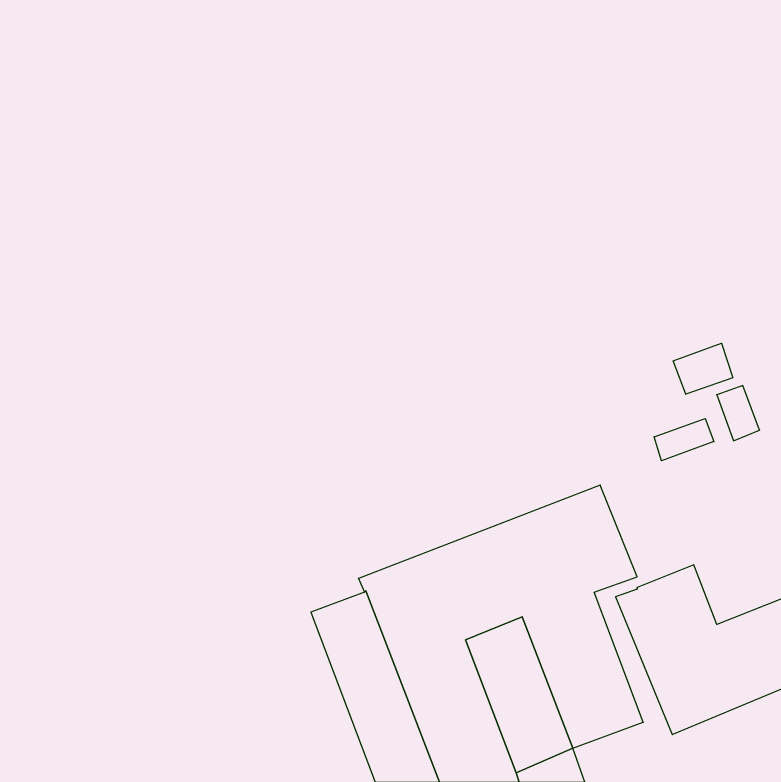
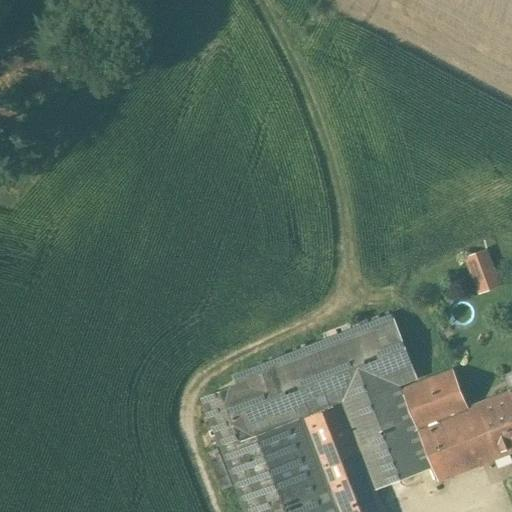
building: [673,343,733,394] -> none
building: [654,419,714,461] -> none

